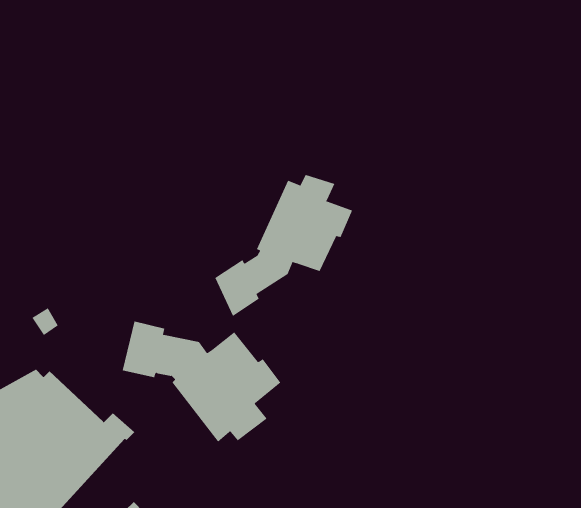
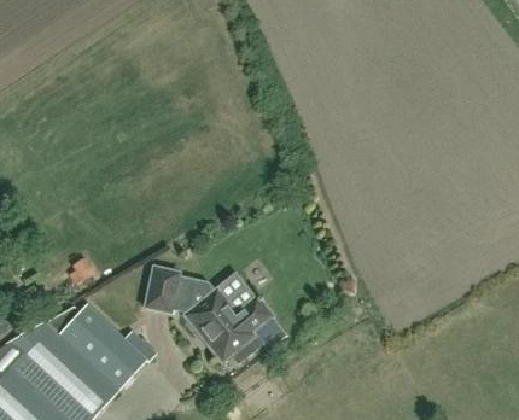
building: [215,174,353,317] -> none

